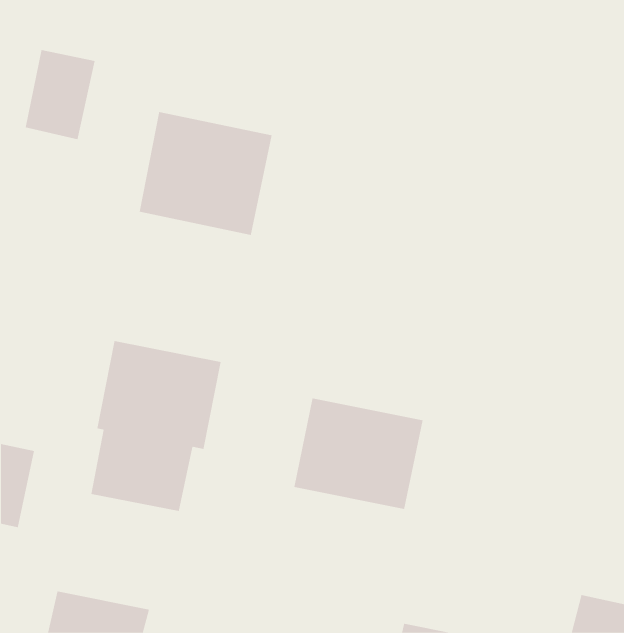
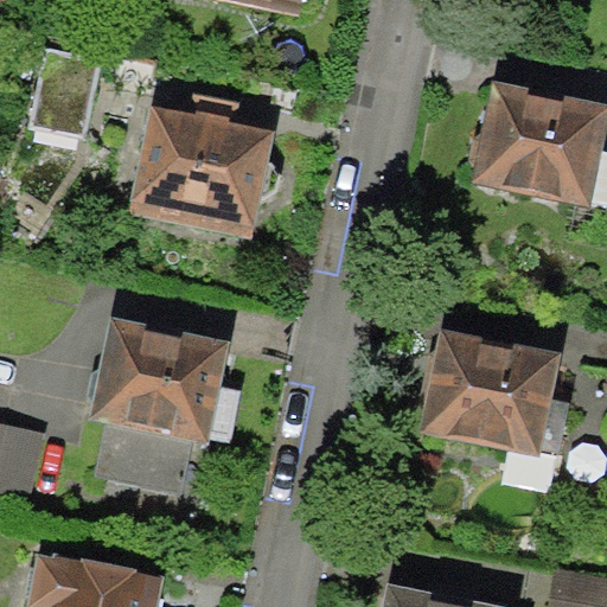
building: none -> [477,91,596,193]
building: [293,398,423,509] -> [424,339,549,446]

